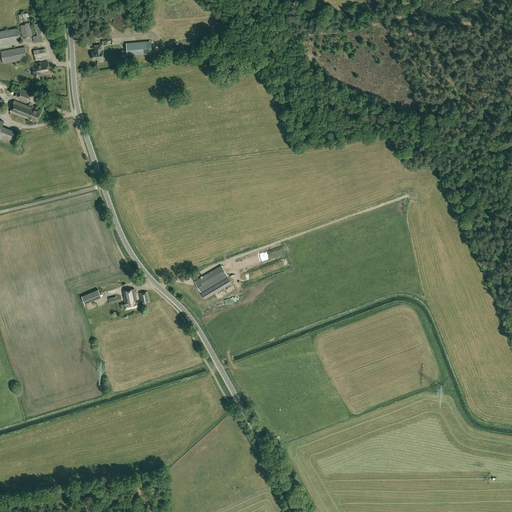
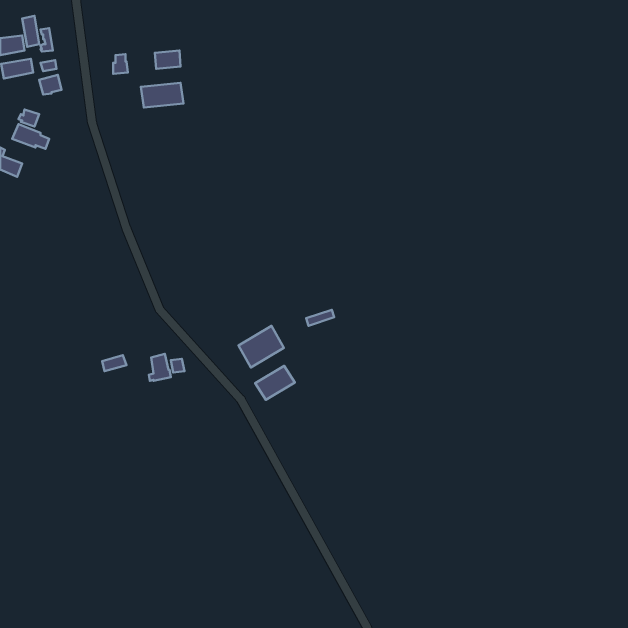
building: none -> [141,83,183,107]
building: none -> [255,366,295,400]

